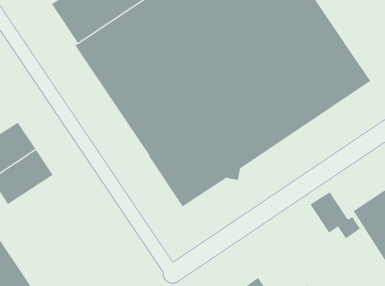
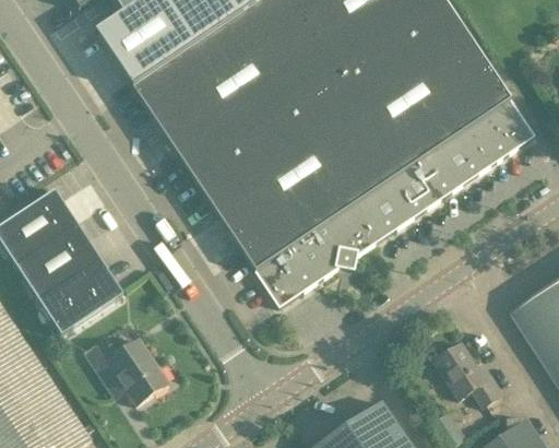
building: none -> [41,262,128,339]
building: [309,192,361,239] -> [433,342,503,406]
building: none -> [86,339,169,404]

